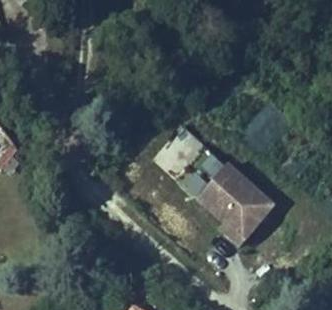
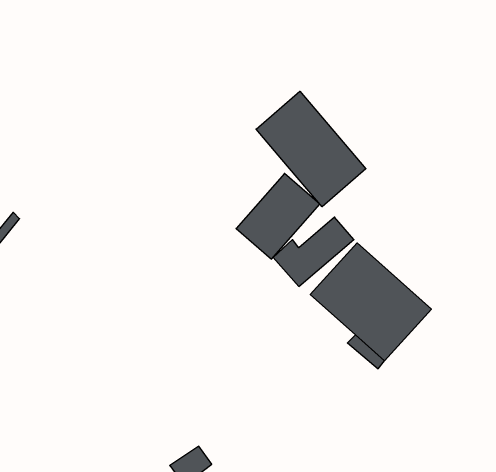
building: none -> [256,91,366,207]

